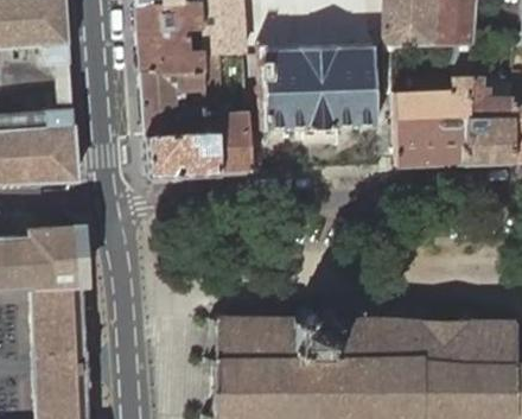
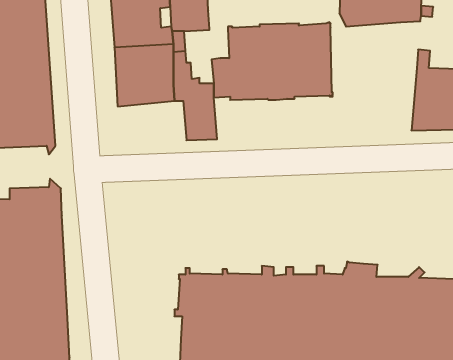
building: [393,44,472,166] -> none
building: [144,131,218,176] -> none

